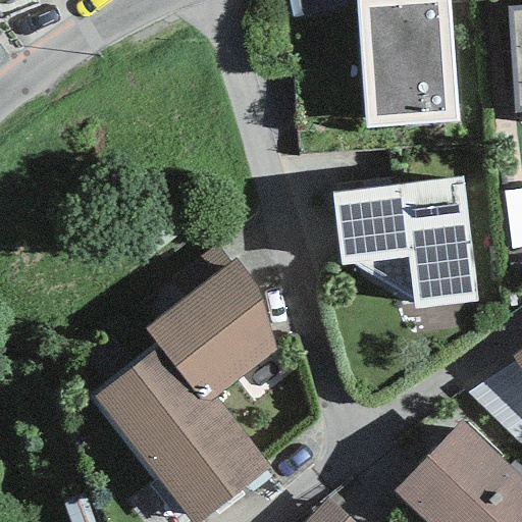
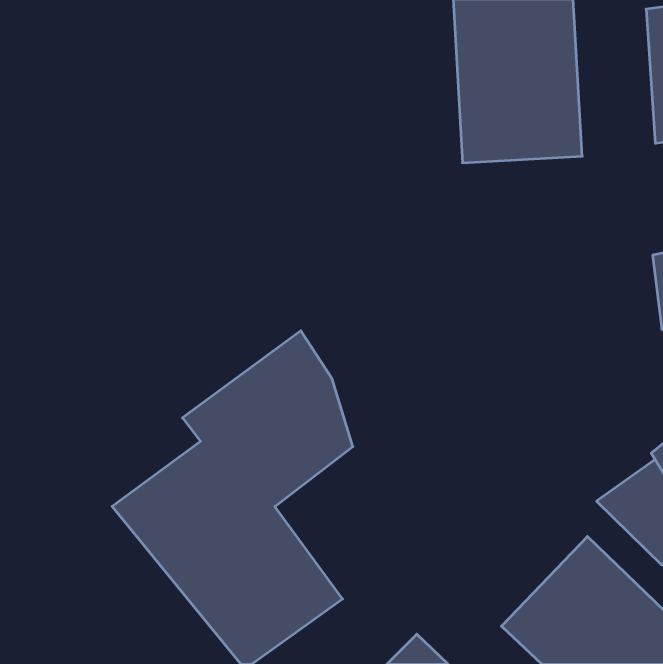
building: [332,176,478,309] -> none

